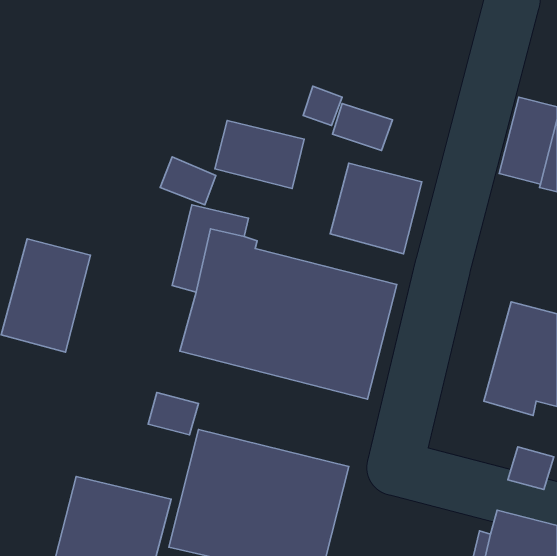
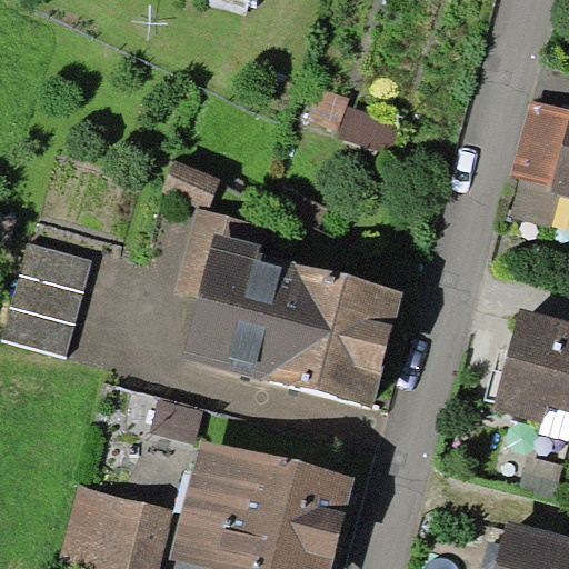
building: [215,120,304,189] -> none
building: [330,163,422,254] -> none

